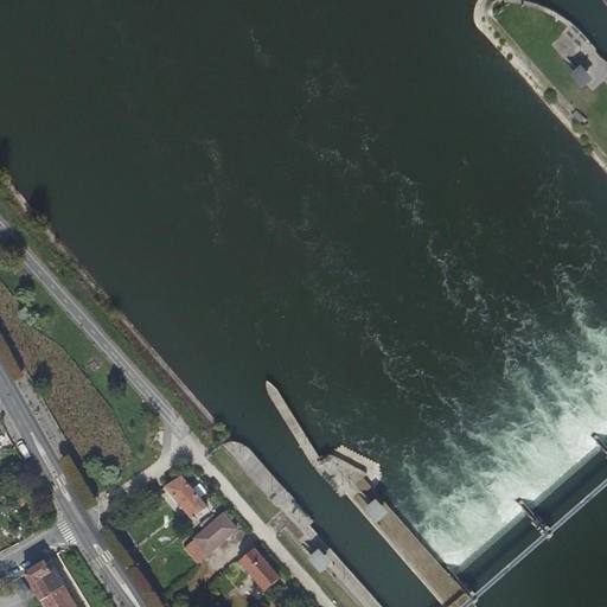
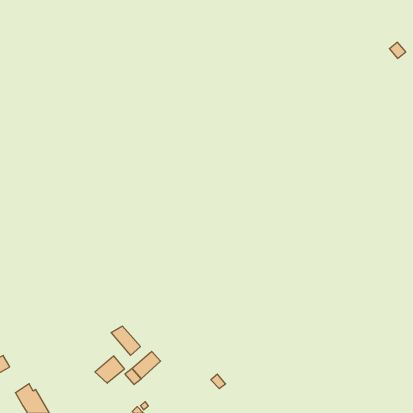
building: none -> [95,356,124,383]
building: [239,548,280,590] -> none

